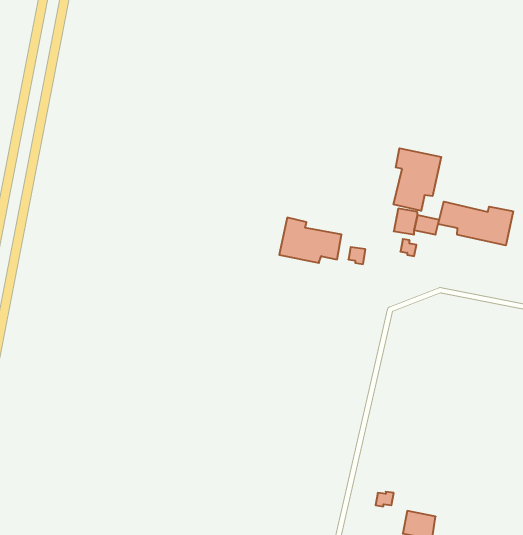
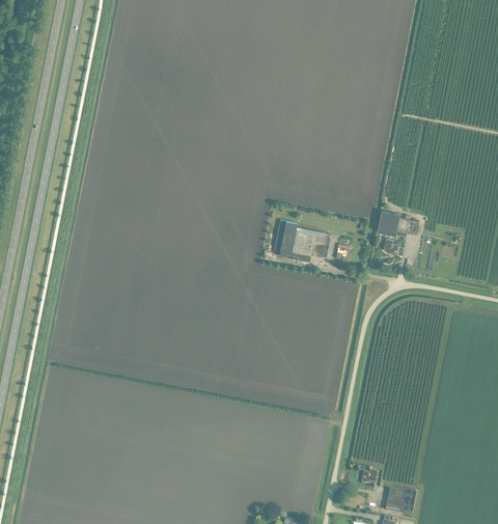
building: [394,148,441,211] -> none
building: [438,202,513,245] -> none

